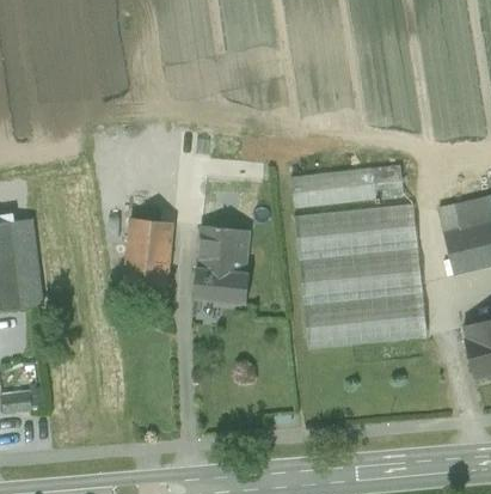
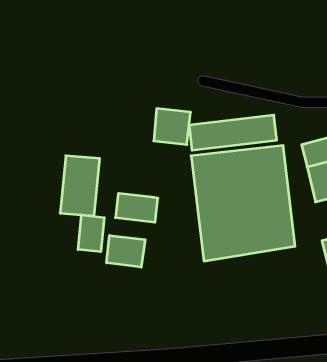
building: [200,224,247,270] -> [154,109,191,145]
building: none -> [78,215,104,252]
building: none -> [107,235,145,267]

